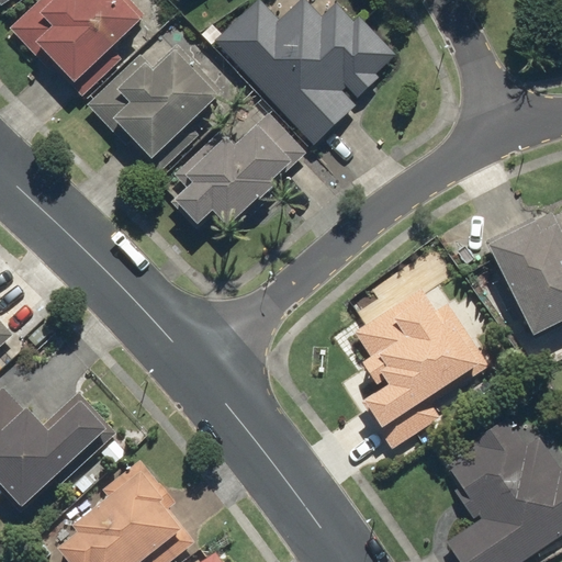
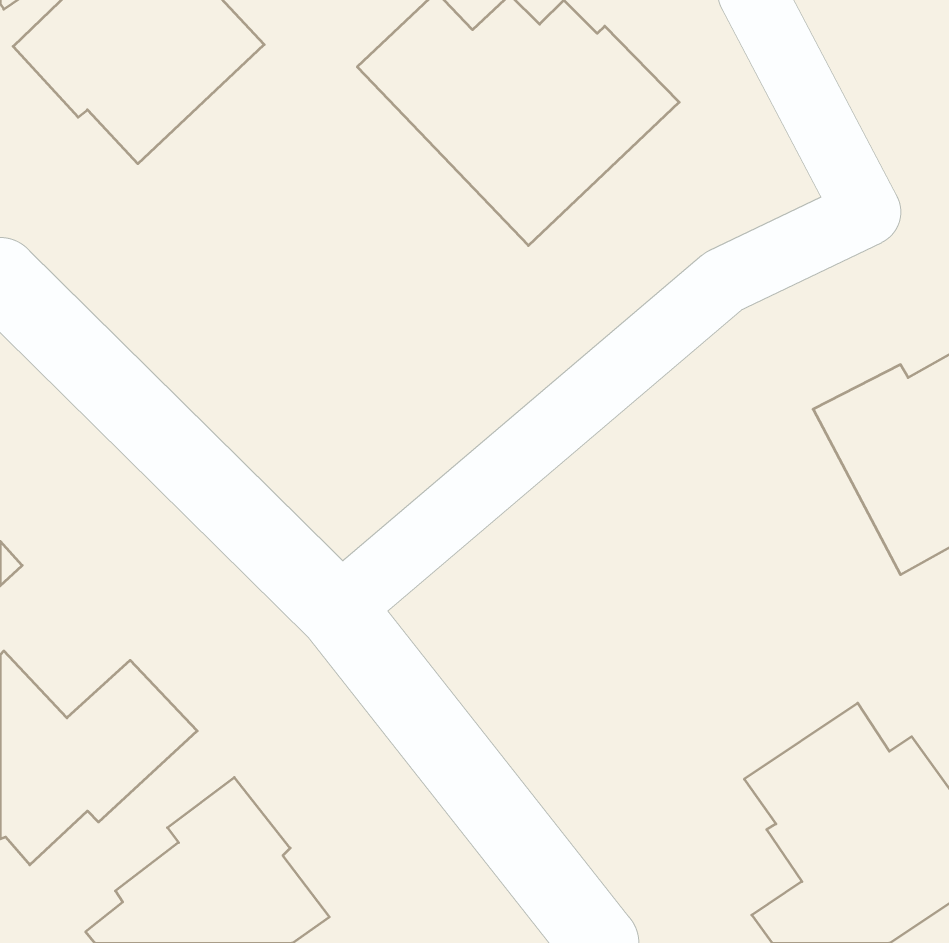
building: [85,43,224,172] -> none
building: [169,110,306,229] -> none
building: [353,284,491,449] -> none

